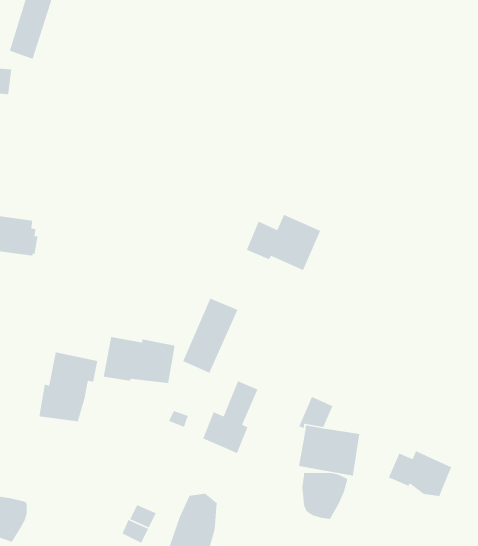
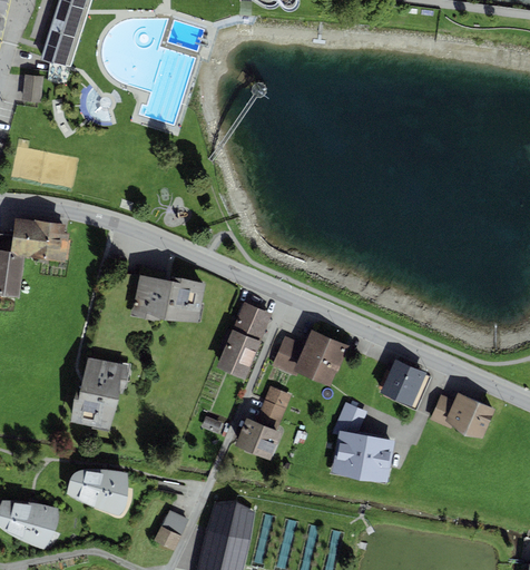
building: [246,214,321,271] -> [273,330,349,387]
building: [103,336,176,384] -> [131,275,205,323]
building: none -> [380,360,432,411]
building: [388,450,452,497] -> [430,392,494,439]
building: none -> [67,469,128,515]
building: [302,472,348,520] -> none

